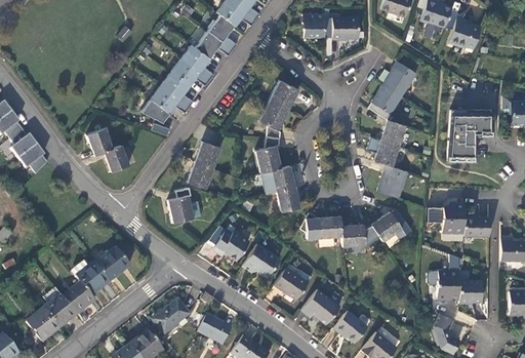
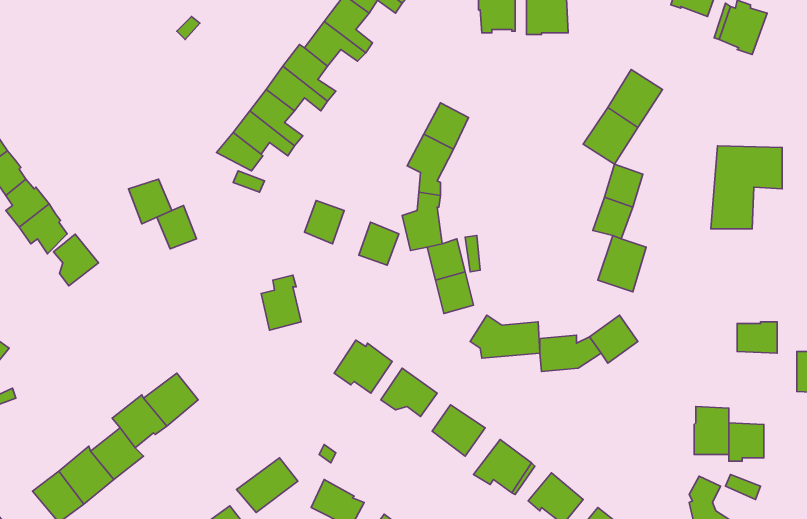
building: [189,160,213,187] -> [359,222,399,265]
building: none -> [53,234,99,286]
building: [441,198,463,230] -> none

